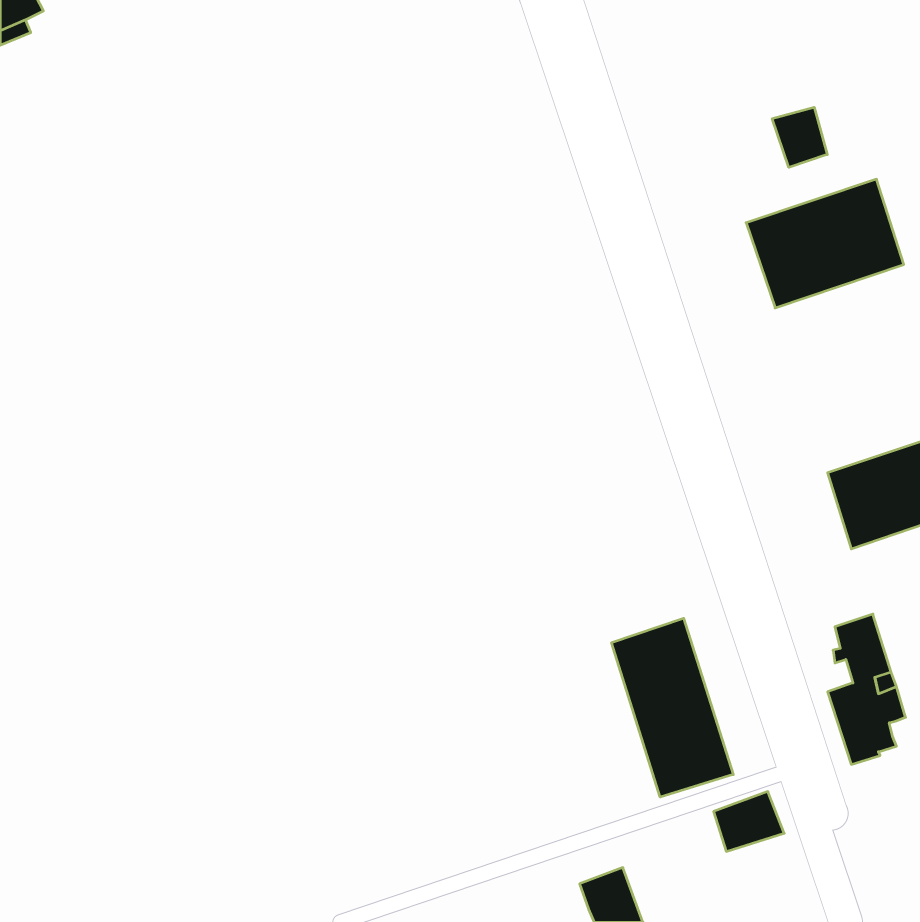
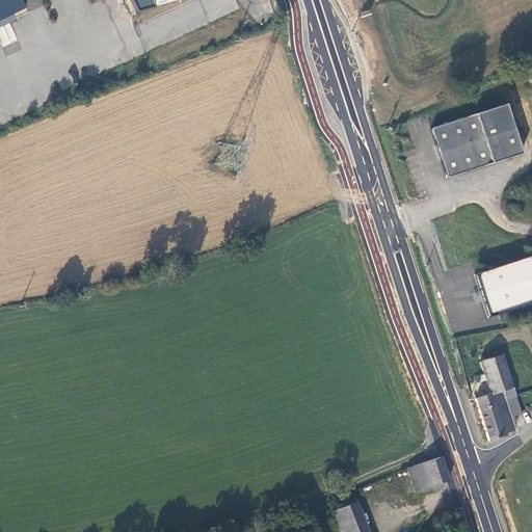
building: [772,107,827,167] -> none
building: [612,618,733,797] -> none

